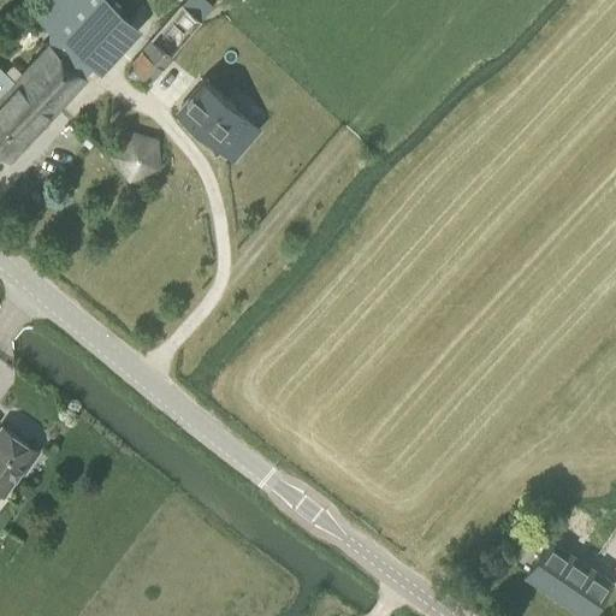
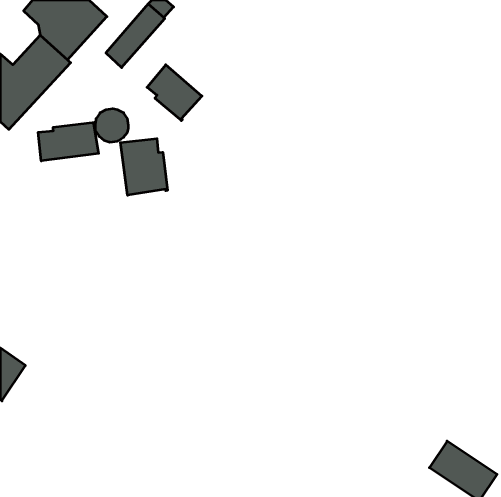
building: none -> [38,122,99,161]
building: none -> [120,139,167,195]

